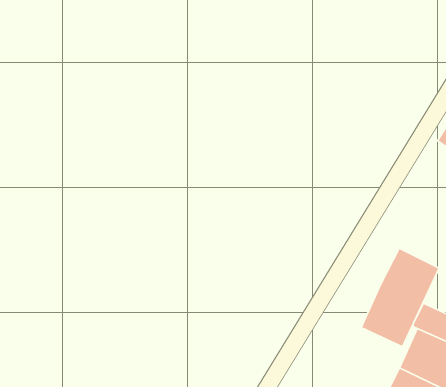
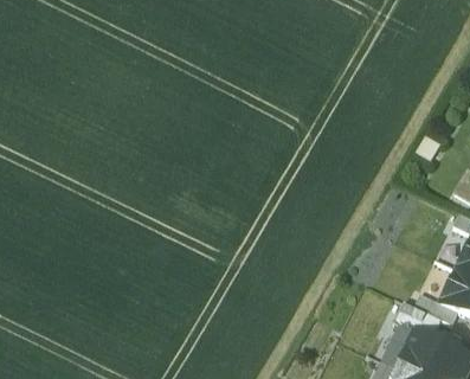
building: [361,248,439,347] -> none

